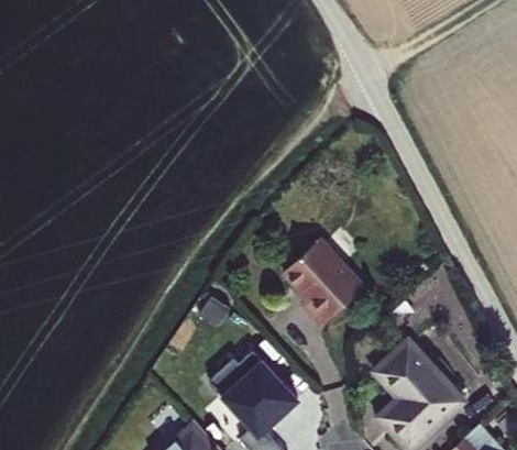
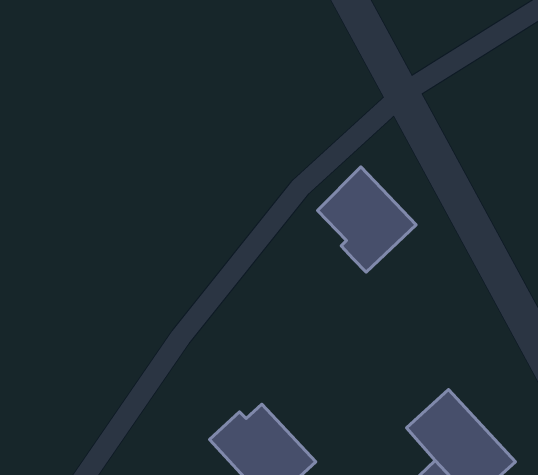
building: [281,237,363,325] -> [318,167,416,272]

